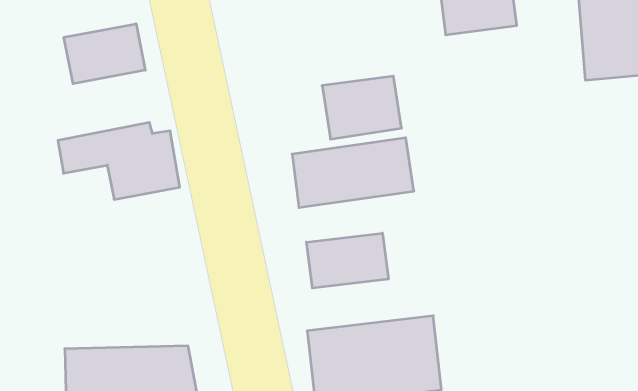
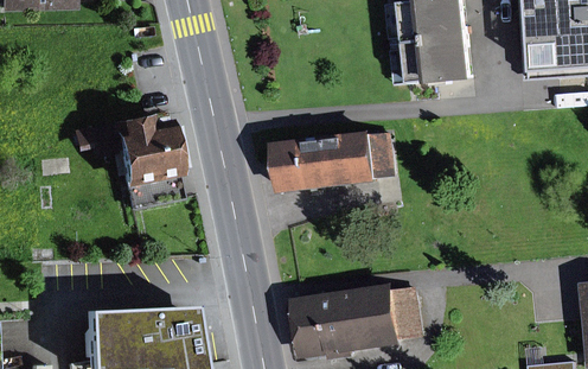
building: [64,24,145,84] -> none
building: [322,76,402,139] -> [408,31,477,85]
building: [306,233,388,288] -> none

